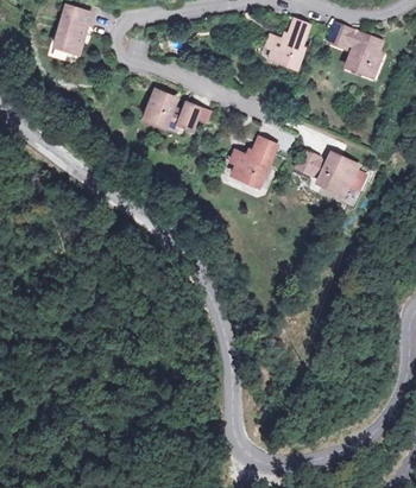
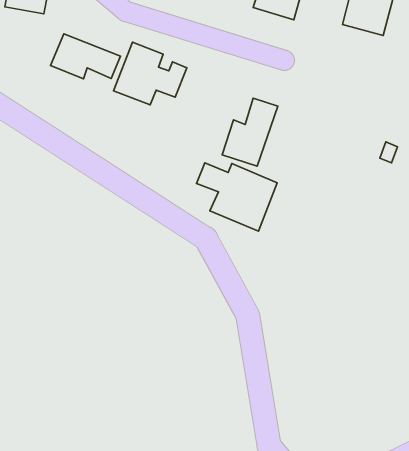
building: none -> [51,34,120,79]
building: [295,154,363,215] -> [196,163,277,231]

